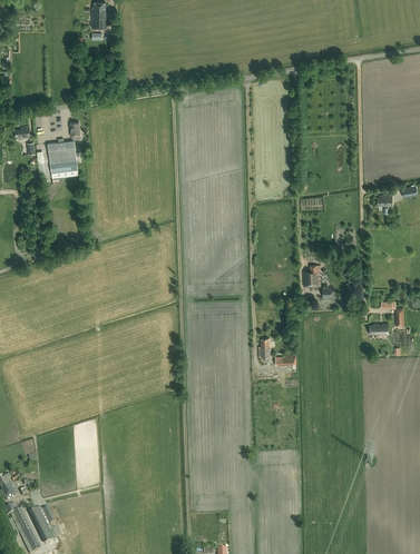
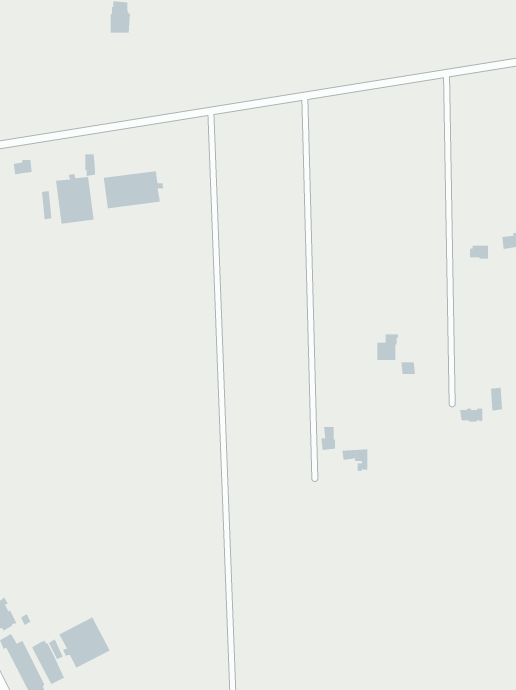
building: none -> [103,170,164,209]
building: none -> [58,616,110,668]

